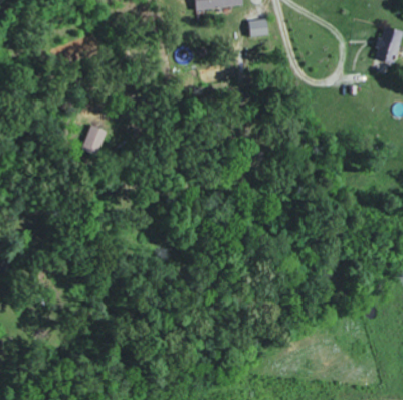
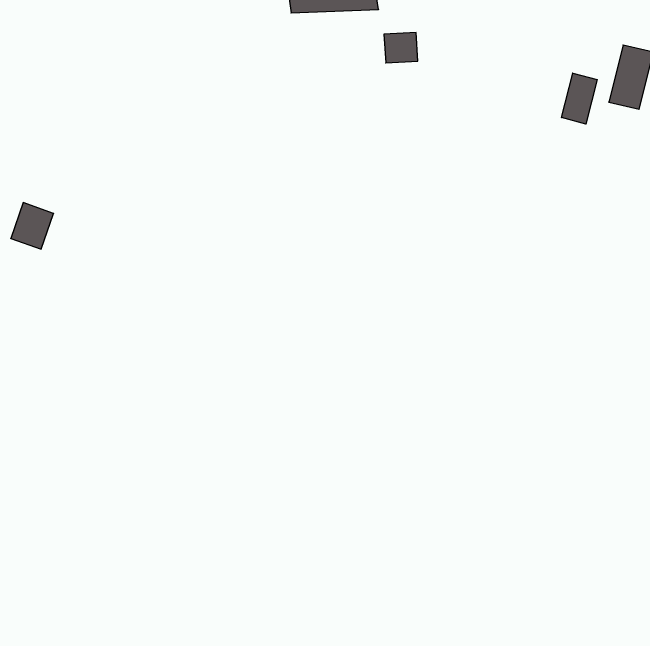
building: none -> [562,73,597,124]
building: [84,125,109,151] -> [11,203,54,249]

